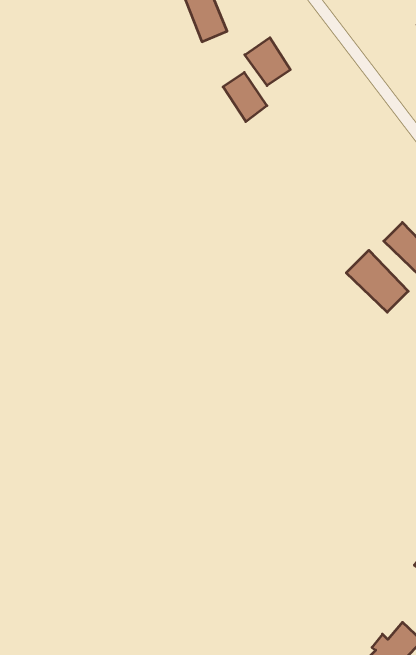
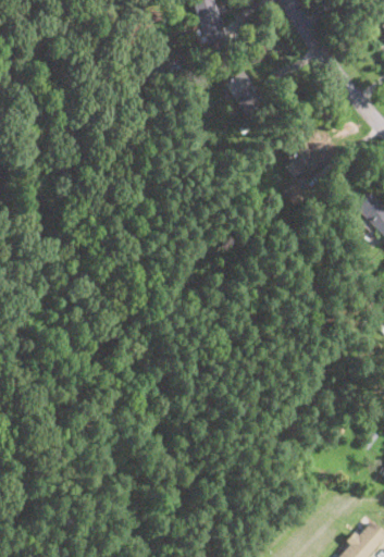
building: [245,38,290,86] -> none
building: [346,250,408,312] -> none

